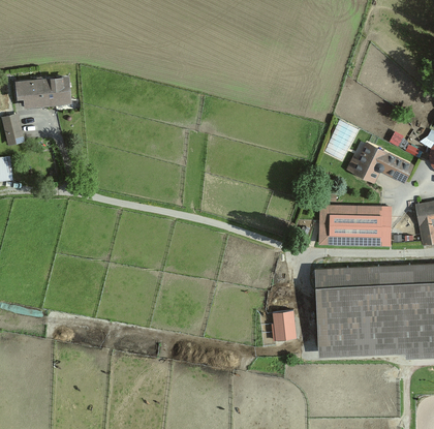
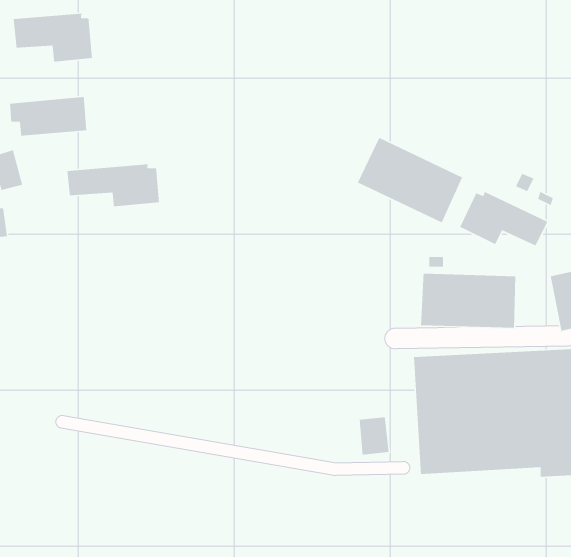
building: none -> [13,13,93,63]
building: none -> [357,137,463,224]
building: none -> [66,164,160,207]

